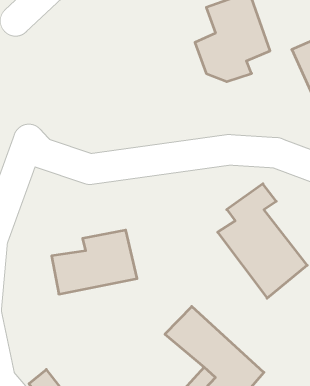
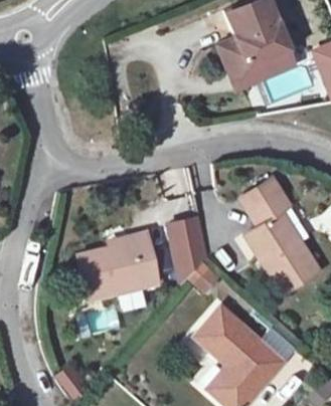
building: none -> [169,217,206,283]

